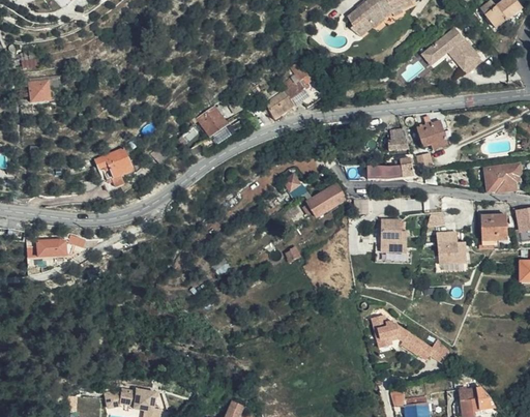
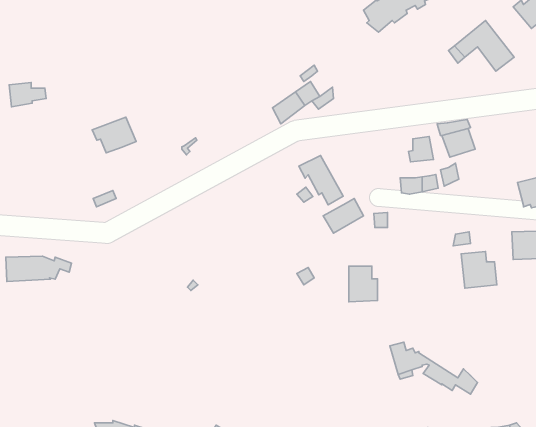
building: [198,109,227,139] -> none
building: none -> [299,155,343,205]
building: [92,148,131,180] -> [92,117,136,153]
building: [379,221,405,254] -> [349,266,377,302]

